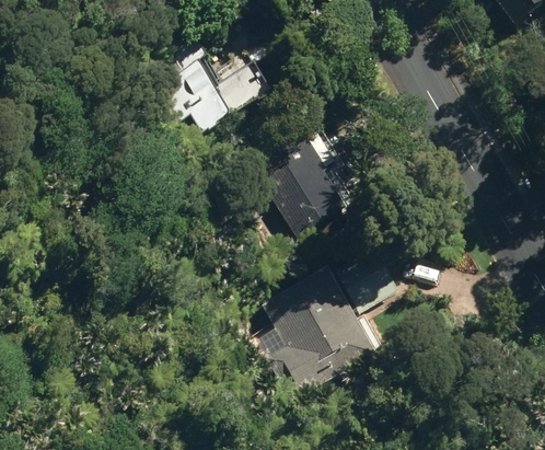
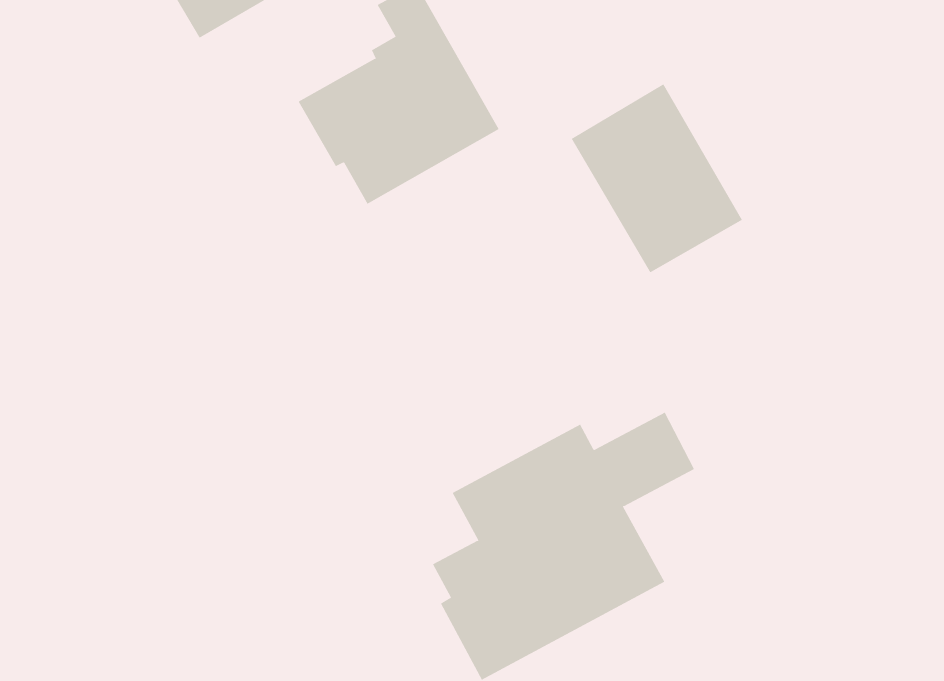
building: [253,124,348,229] -> [571,84,743,273]

